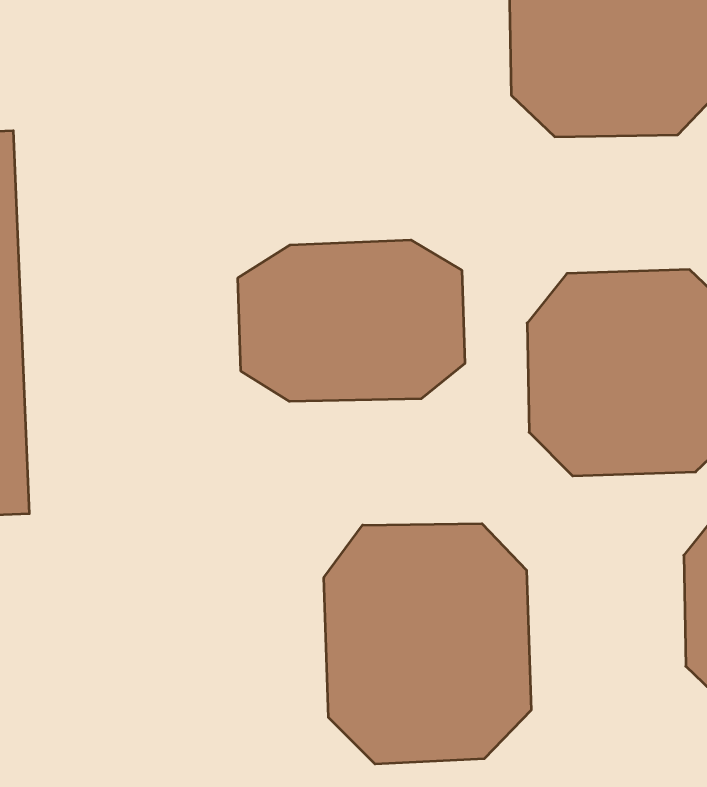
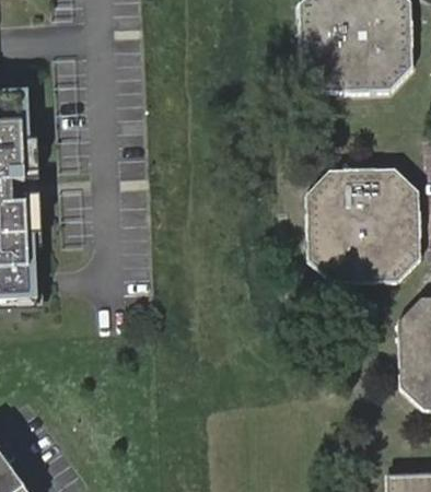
building: [238,240,465,401] -> none
building: [324,524,531,764] -> none

